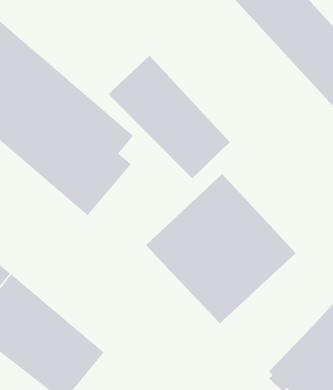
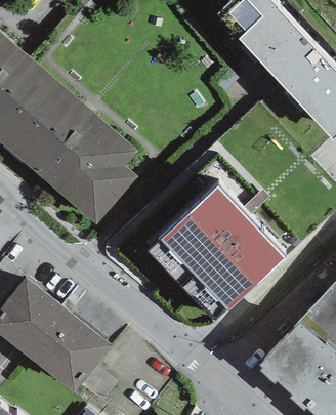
building: [108,55,230,179] -> none

